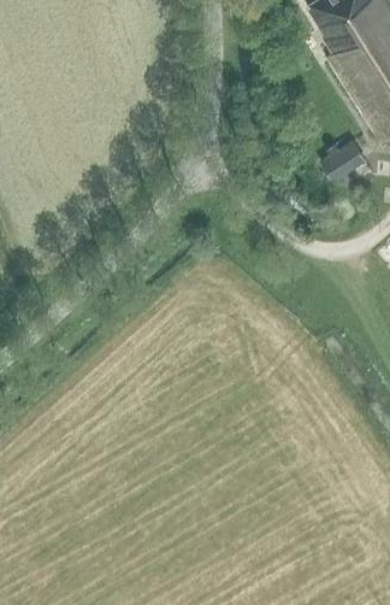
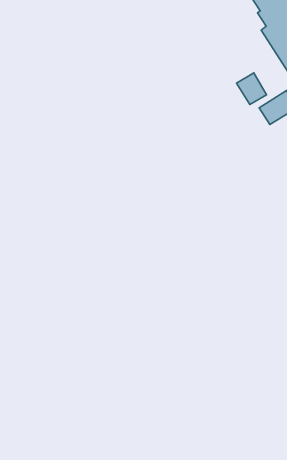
building: none -> [237,73,267,105]

